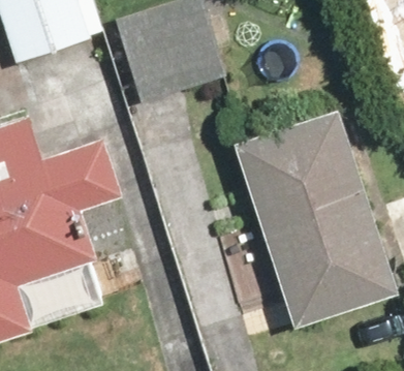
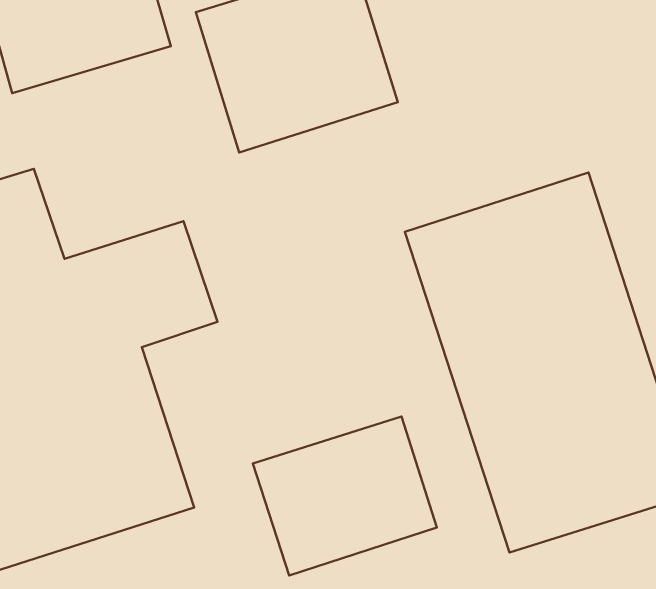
building: none -> [253,417,437,576]

